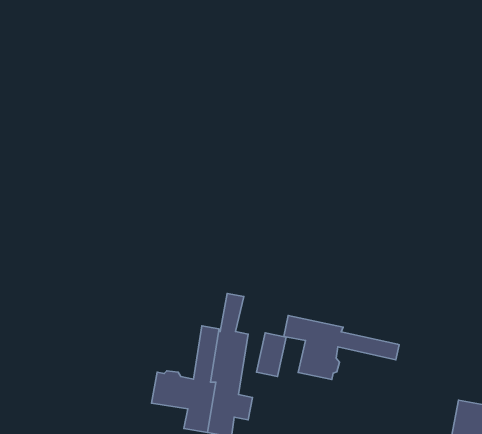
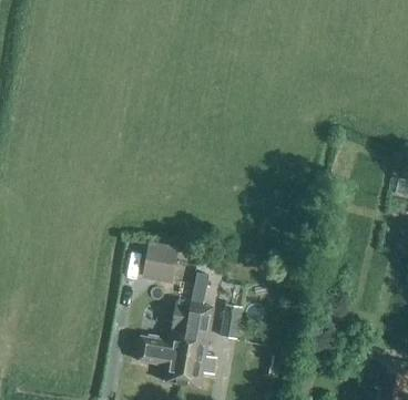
building: none -> [143,240,180,283]
building: [284,315,399,379] -> none

